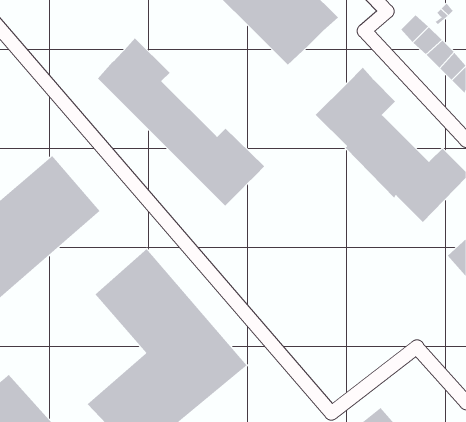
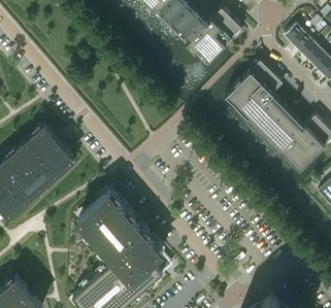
building: [97,37,265,206] -> none

